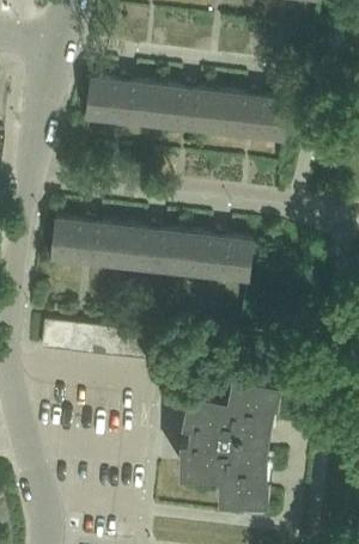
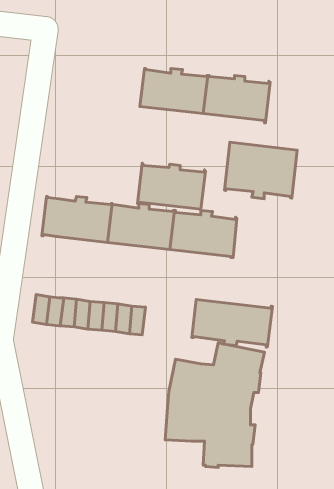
building: [89,77,159,124] -> [138,163,206,209]
building: none -> [225,142,297,199]
building: none -> [192,300,272,347]

